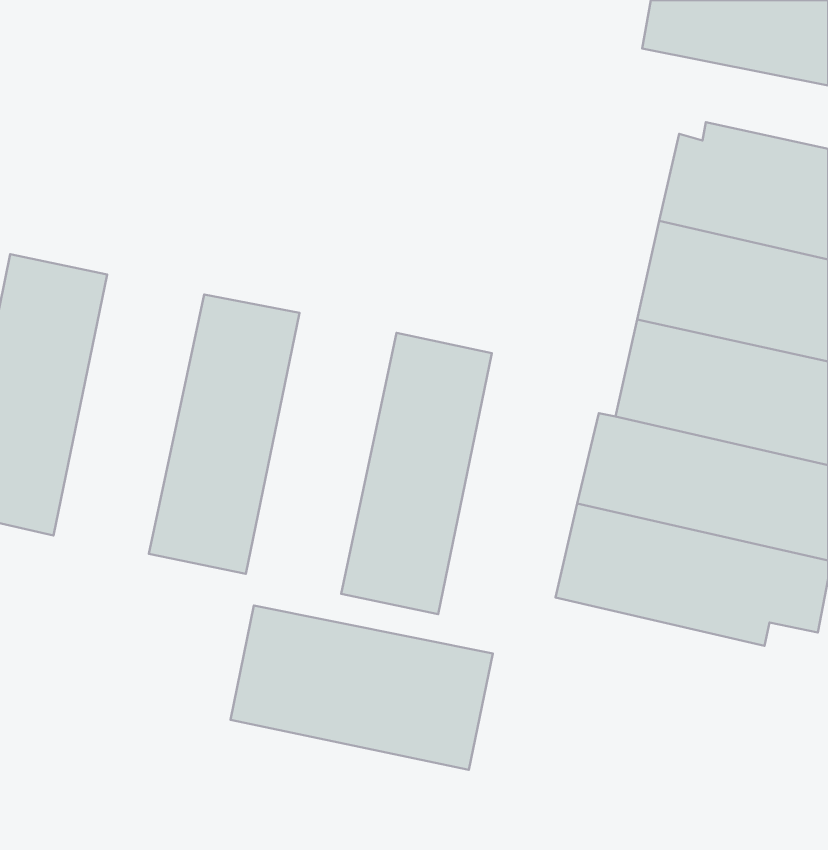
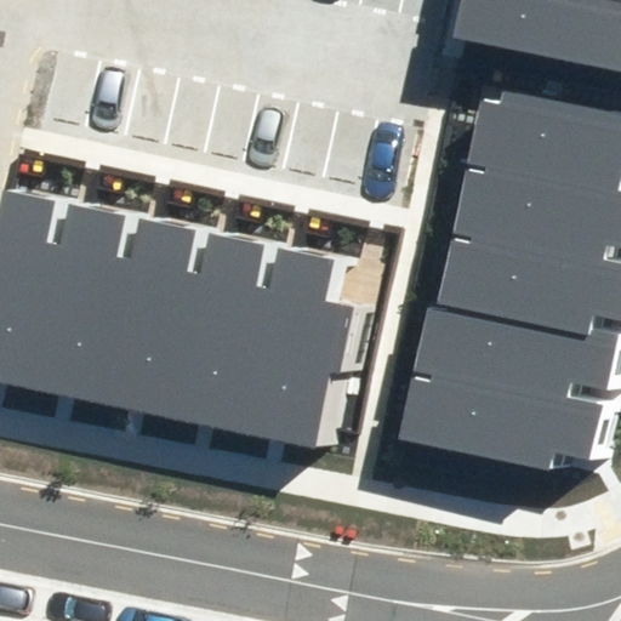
building: none -> [39,203,148,405]
building: none -> [178,230,287,434]
building: [230,605,493,770] -> none

